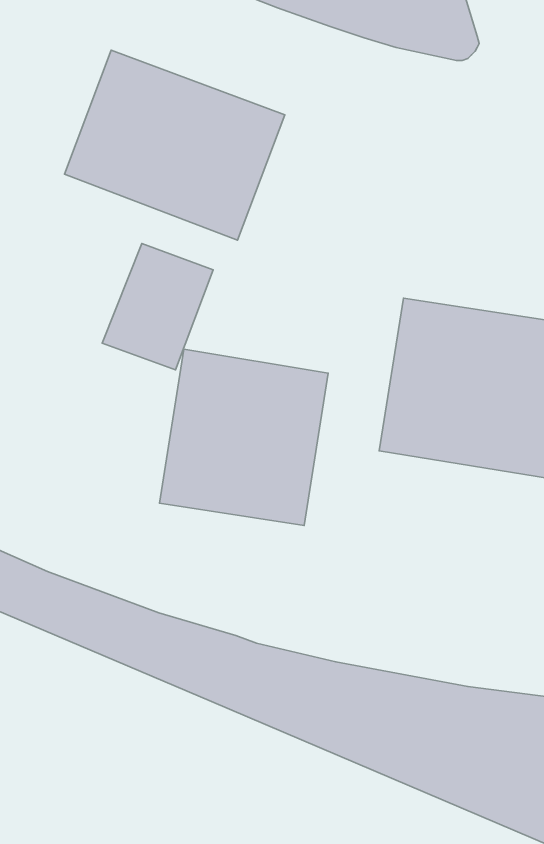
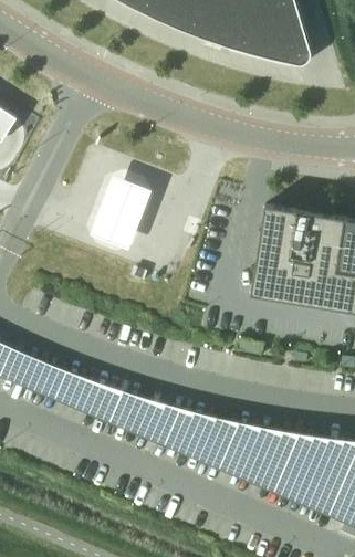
building: [65,50,285,240] -> none
building: [159,349,328,525] -> none

